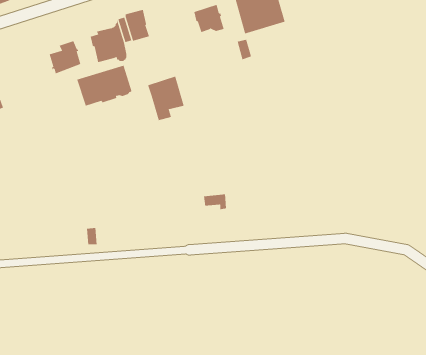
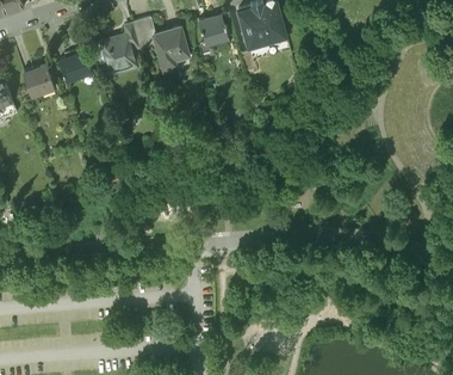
building: none -> [21,66,52,98]
building: [76,65,132,107] -> none
building: [147,76,184,121] -> [151,25,187,68]

